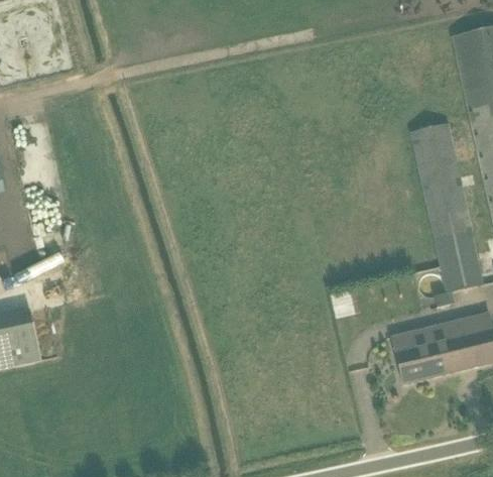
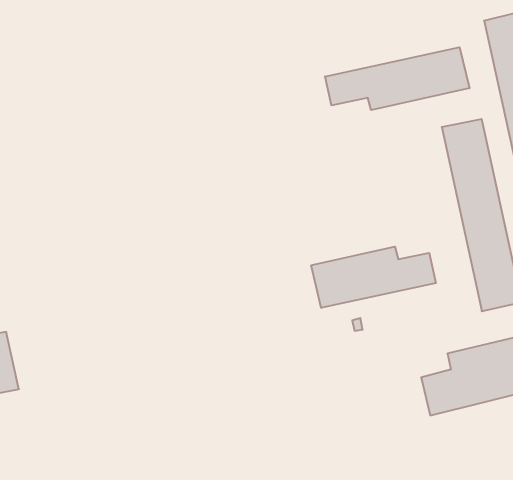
building: none -> [325,47,469,110]
building: none -> [311,247,436,308]

